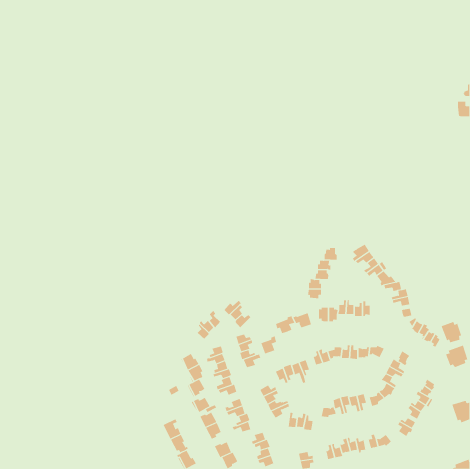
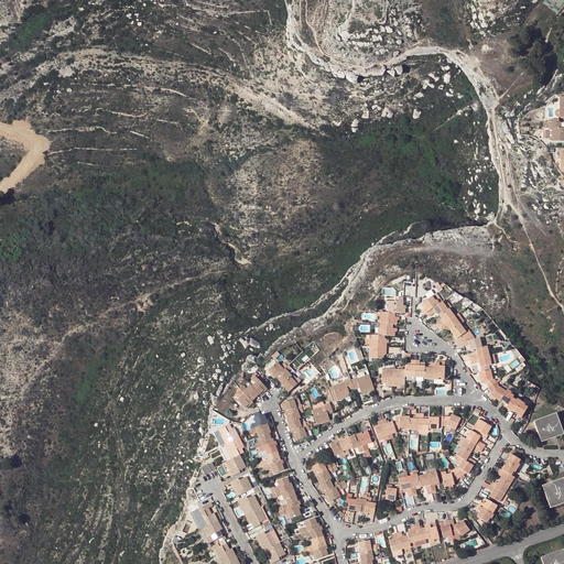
building: [441,321,462,343] -> none

